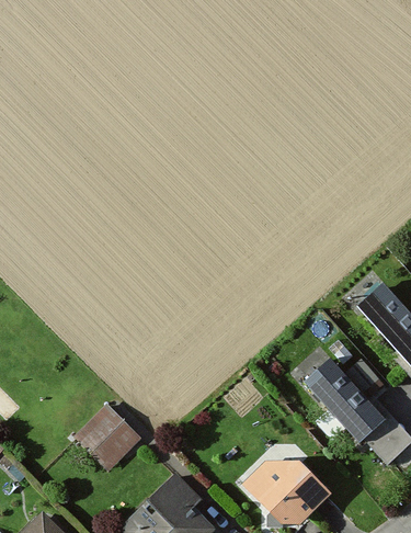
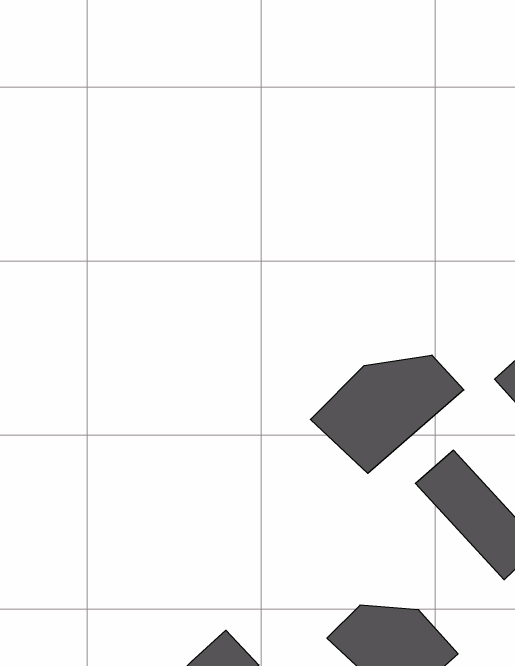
building: none -> [310,355,464,473]
building: [70,404,137,470] -> none

